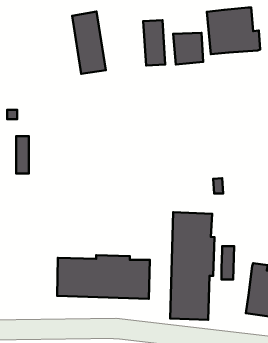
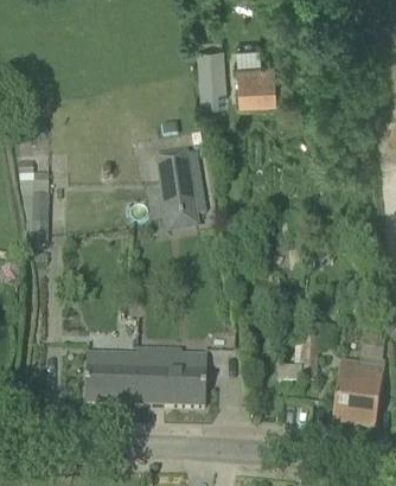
building: [207,7,260,54] -> none
building: [72,11,106,74] -> [155,146,199,228]
building: [170,212,214,320] -> none

